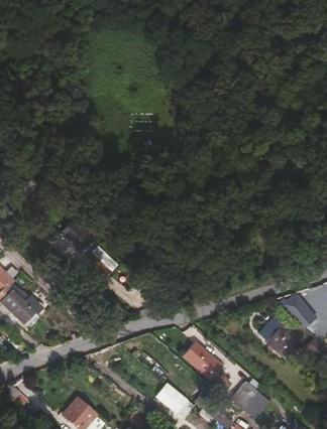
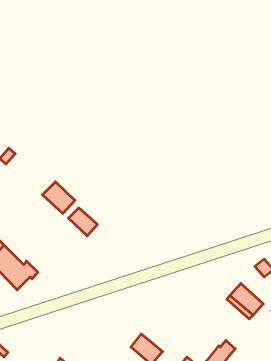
building: [186,344,225,382] -> none

